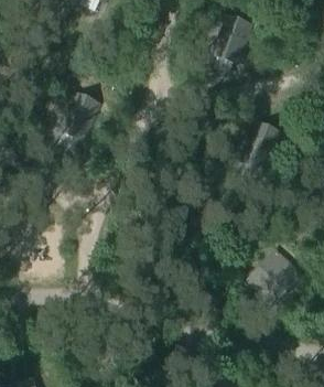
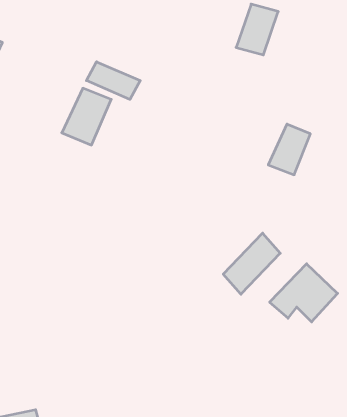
building: none -> [86,62,140,99]
building: none -> [223,233,280,294]

